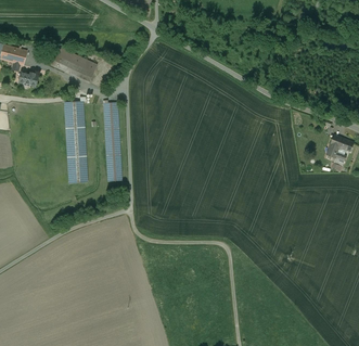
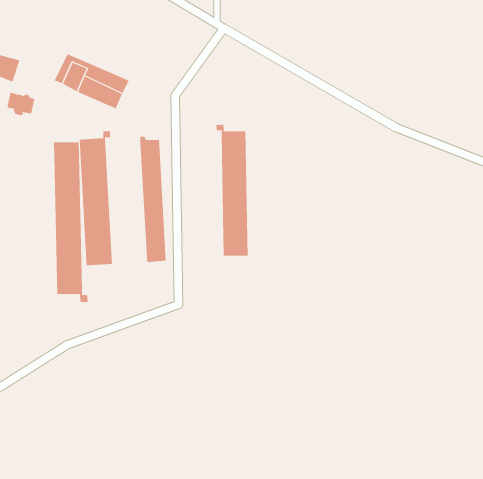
building: none -> [216,124,248,256]
building: none -> [53,141,88,303]

